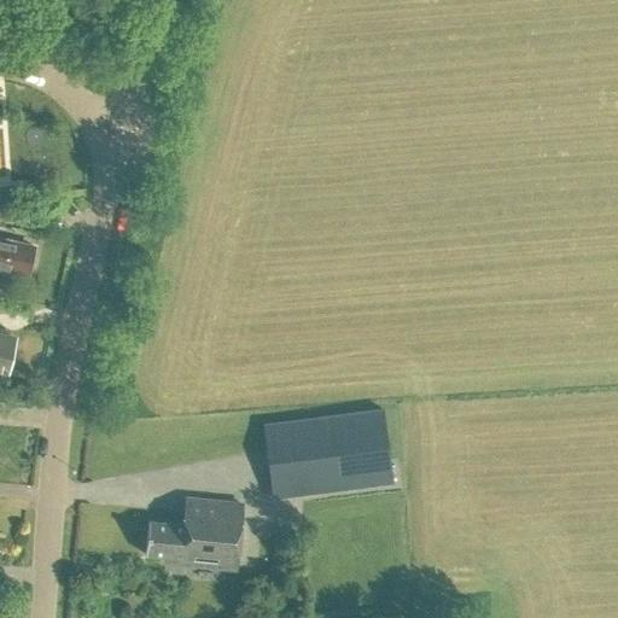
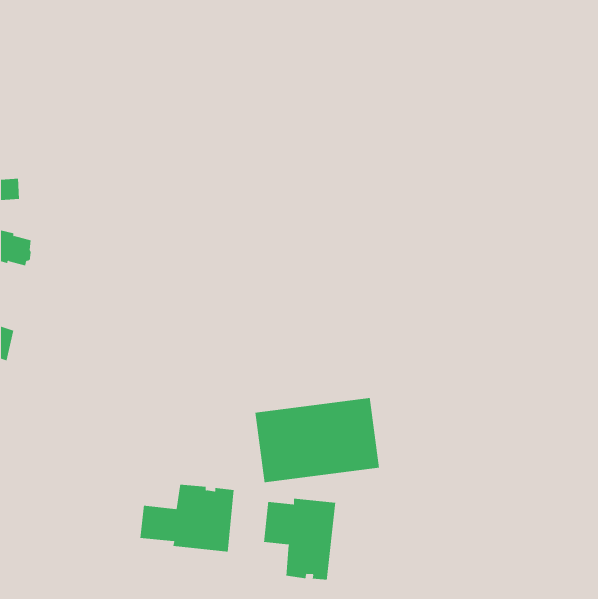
building: none -> [264,498,336,580]

